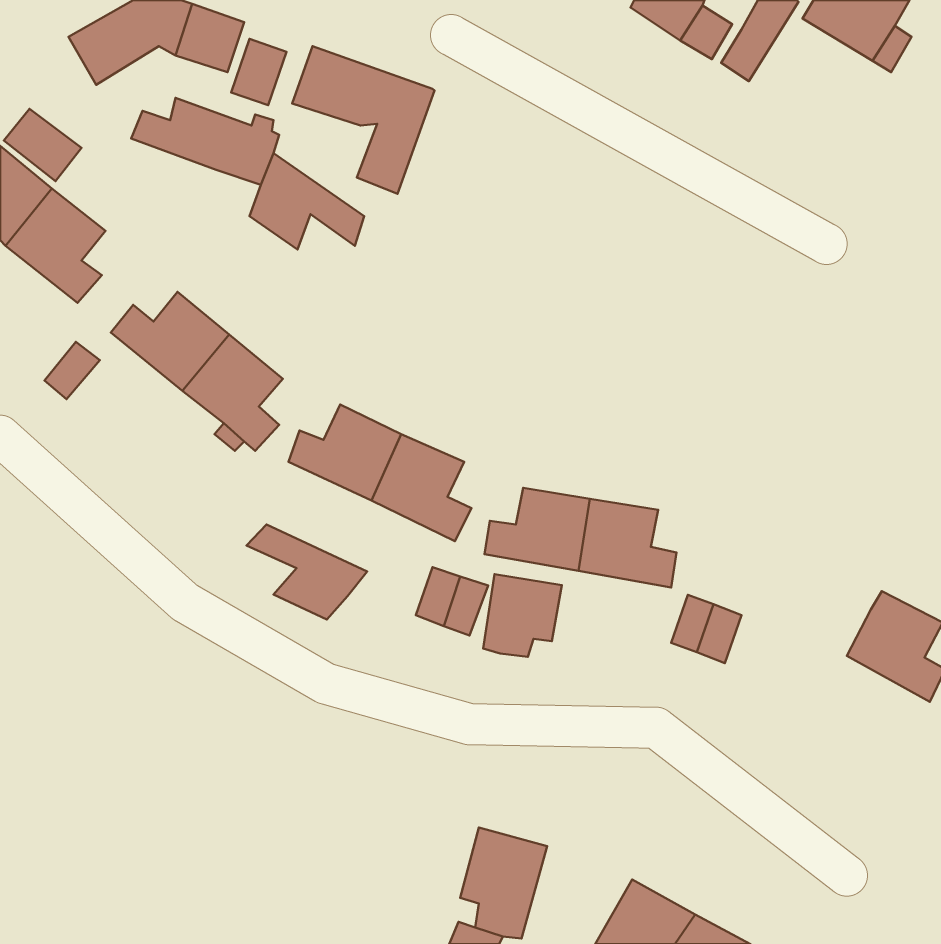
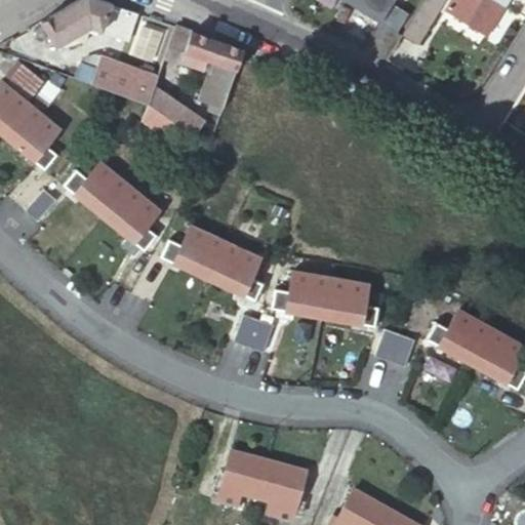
building: [247,525,367,619] -> none
building: none -> [426,310,491,364]
building: [483,574,562,657] -> none
building: none -> [216,449,268,507]

